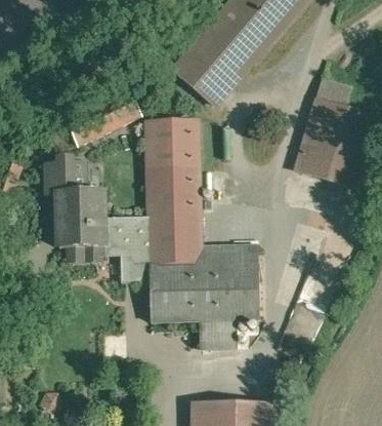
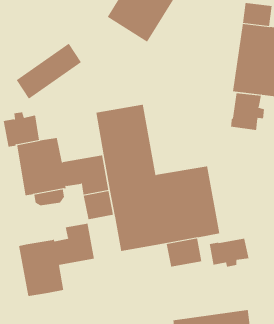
building: [143,120,197,169] -> none
building: none -> [230,92,265,131]
building: none -> [19,223,94,297]
building: none -> [209,238,249,268]

